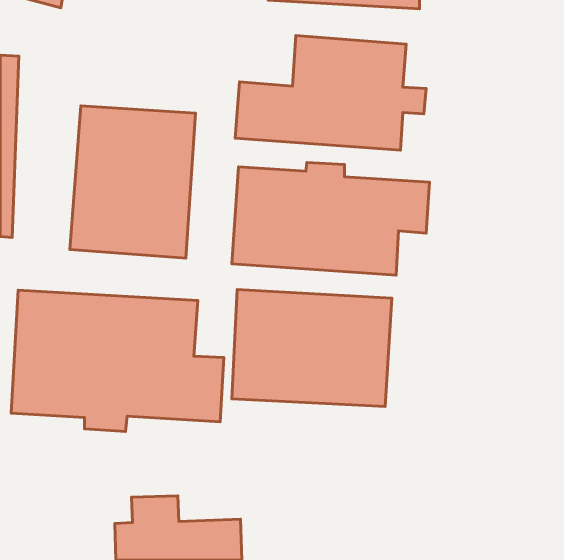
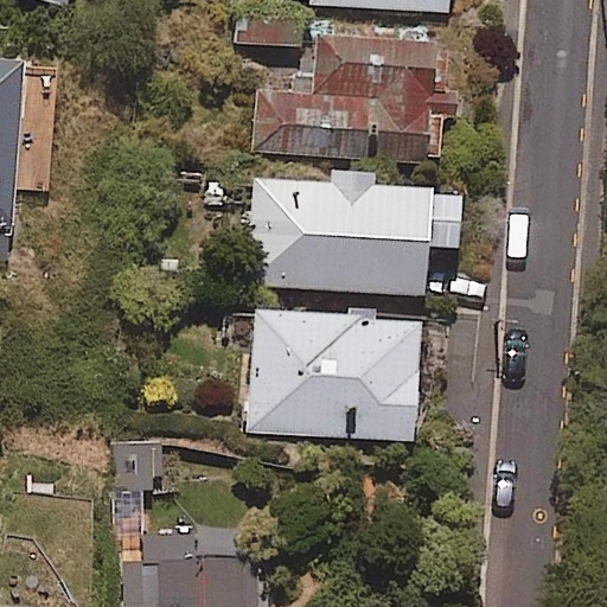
building: [70,106,195,258] -> none
building: [11,290,224,431] -> none

